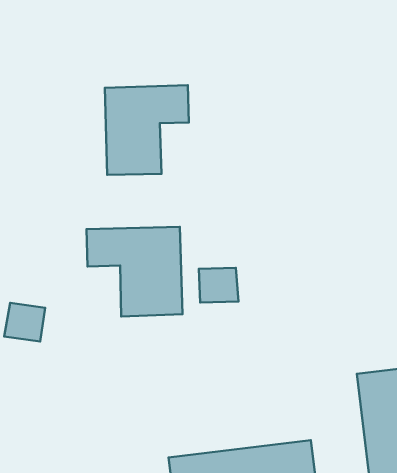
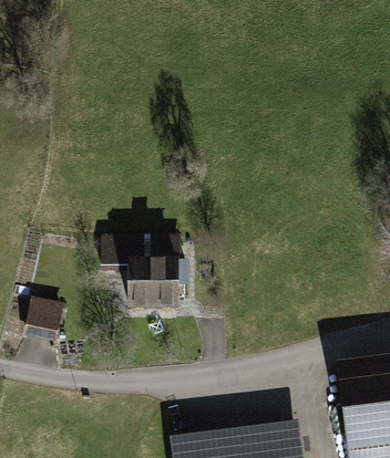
building: [105,85,189,175] -> none
building: [199,268,238,303] -> none

